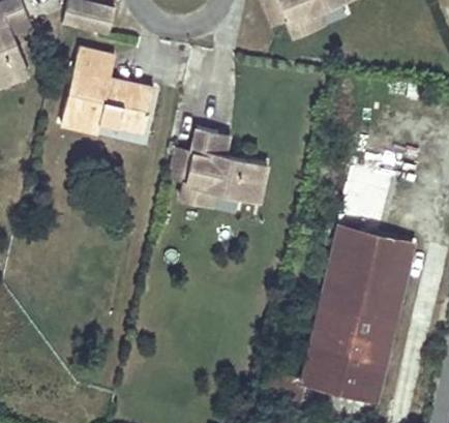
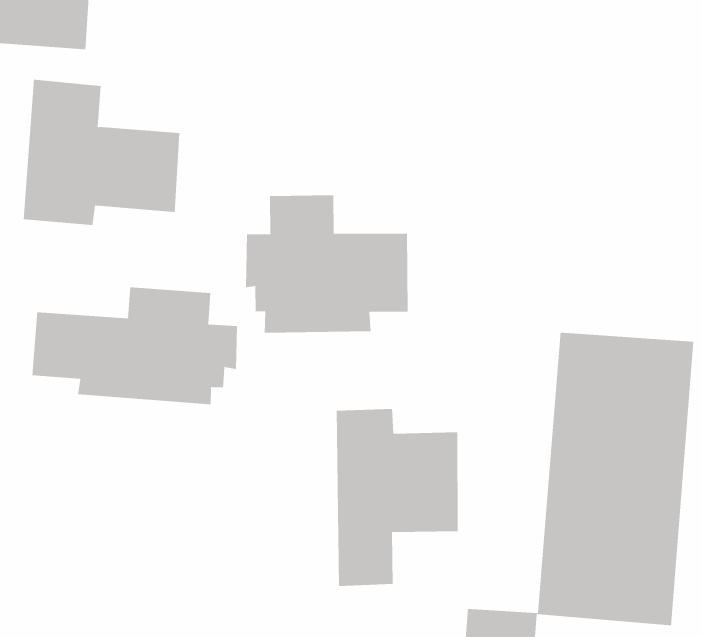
building: none -> [32,286,238,405]
building: none -> [336,408,458,587]

